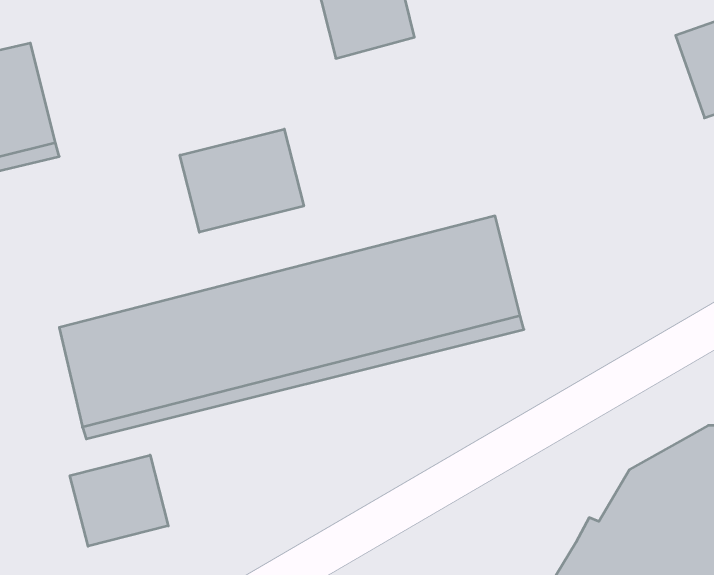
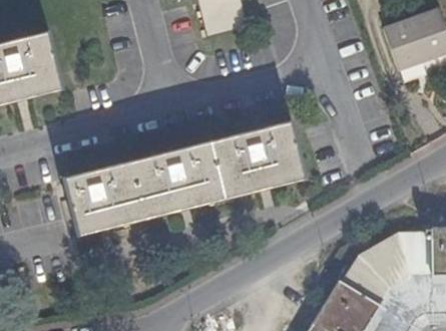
building: [180,129,304,232] -> none
building: [70,455,168,546] -> none

